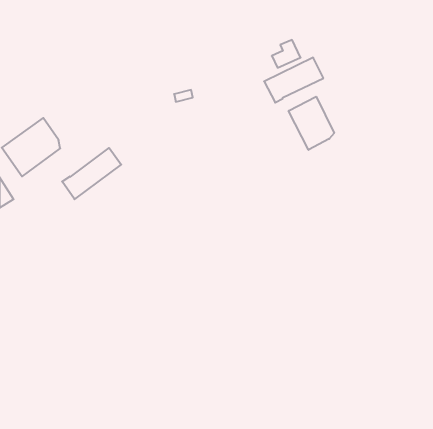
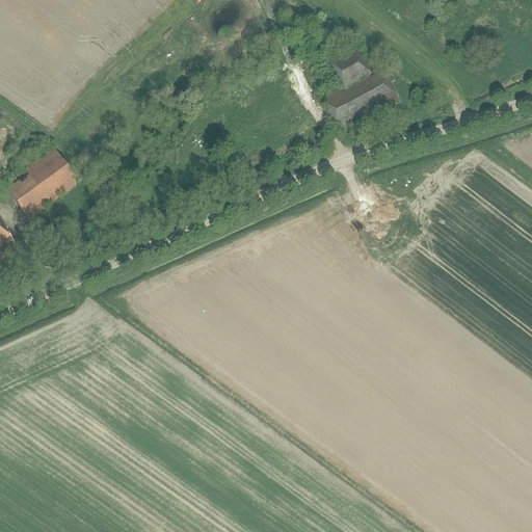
building: [289,97,334,150] -> none
building: [62,148,121,199] -> none

